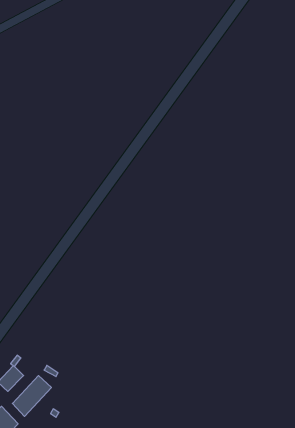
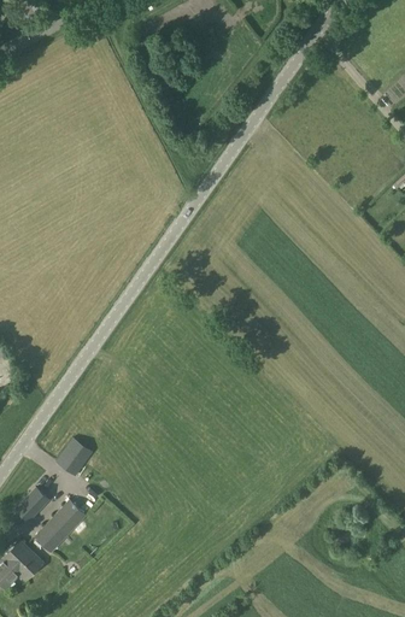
building: none -> [55,439,93,476]

